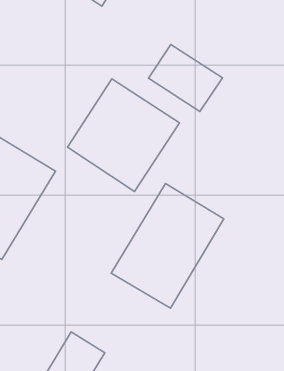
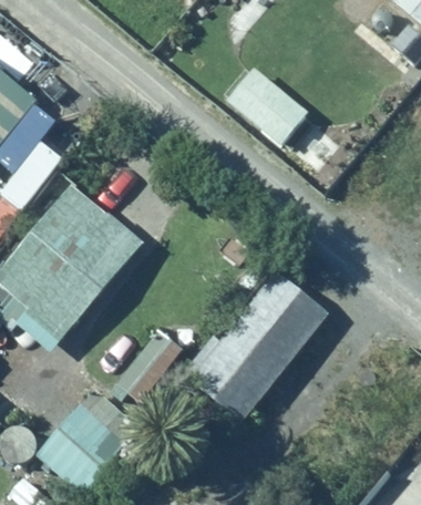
building: [68,79,179,191] -> none

